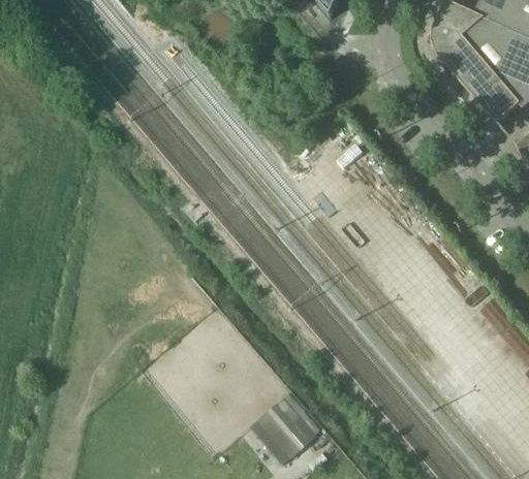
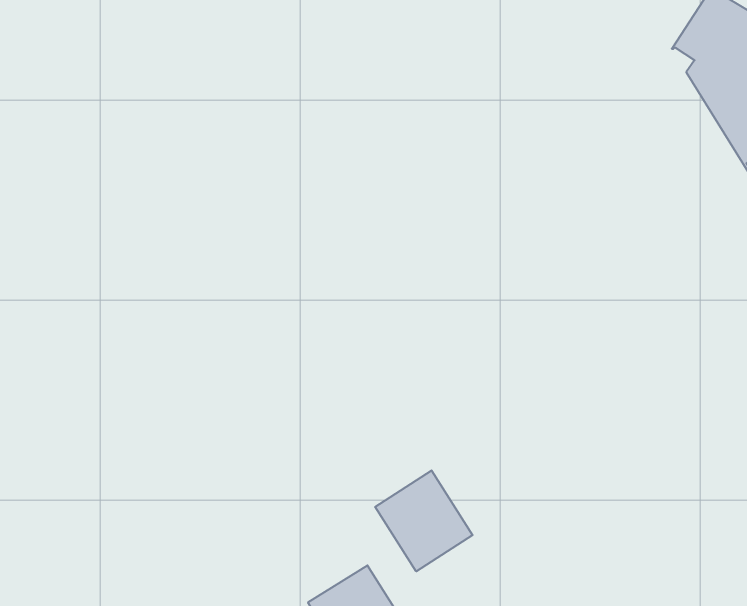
building: none -> [375,470,473,571]

